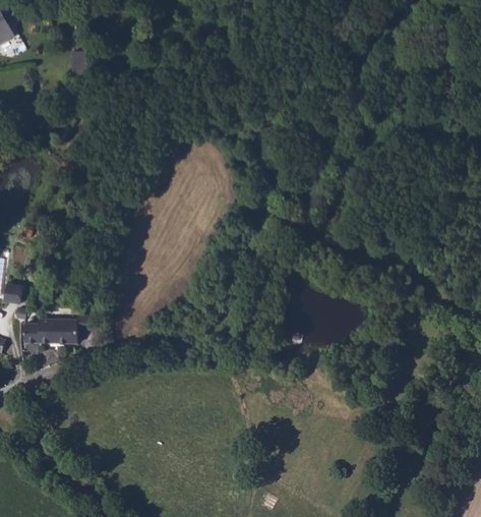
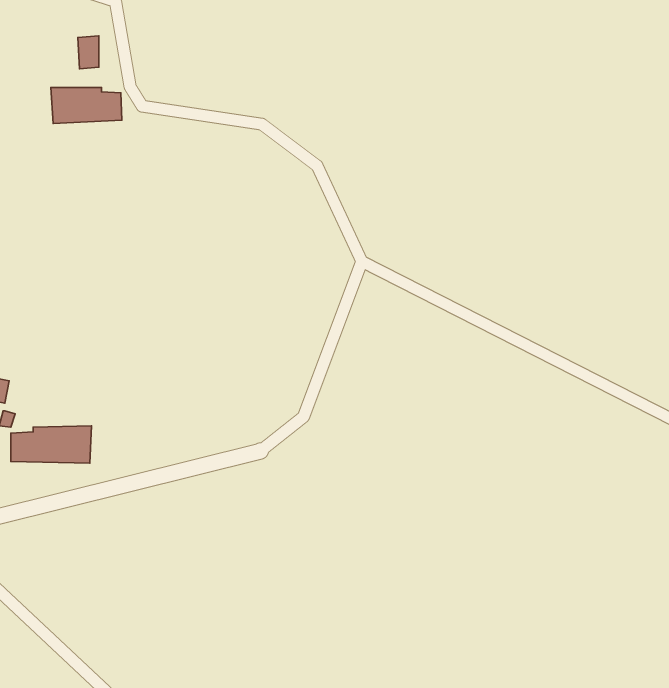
building: none -> [51,87,122,123]

